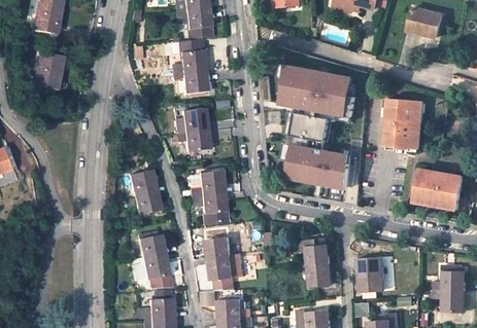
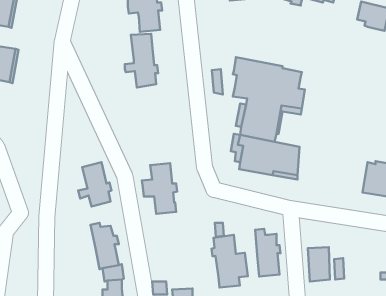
building: [386,99,423,148] -> none
building: [175,109,209,152] -> none
building: [206,236,243,290] -> [211,235,248,287]

